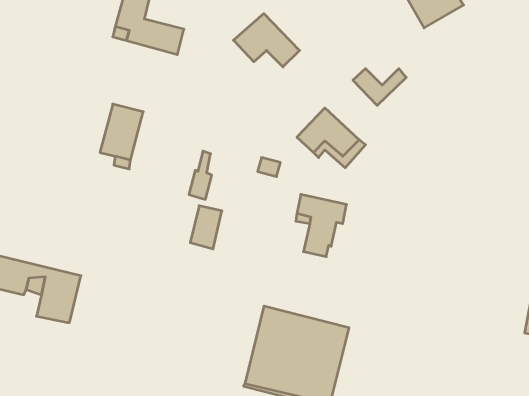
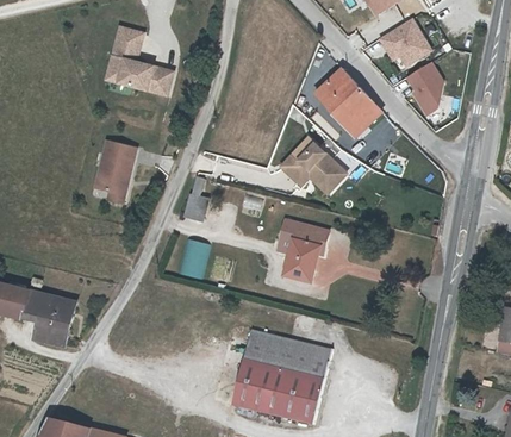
building: [233,14,300,67] -> [313,70,375,120]
building: none -> [407,57,454,111]

